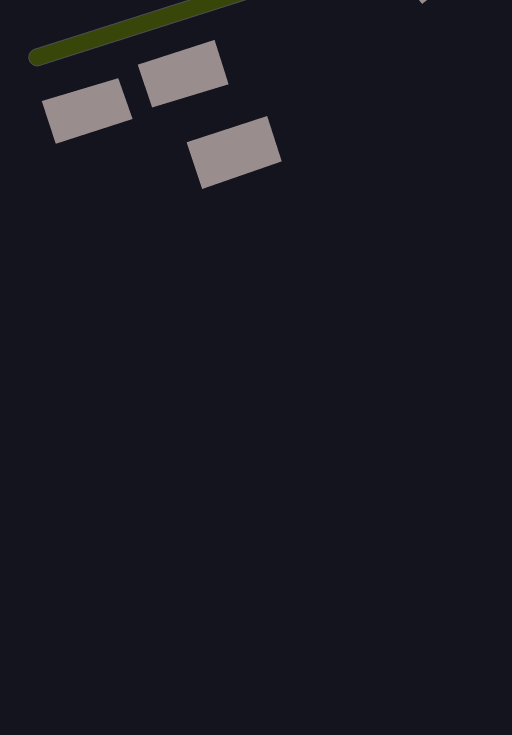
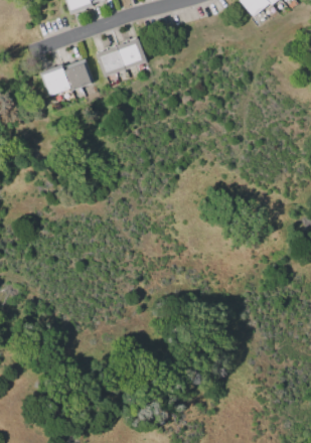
building: [186,115,282,190] -> none

